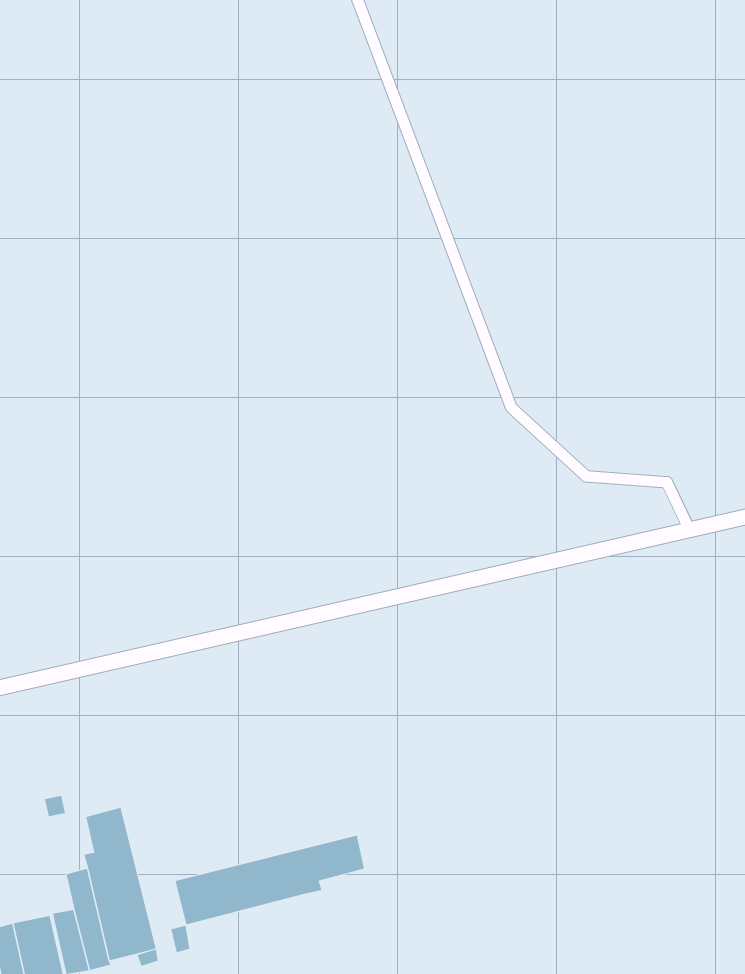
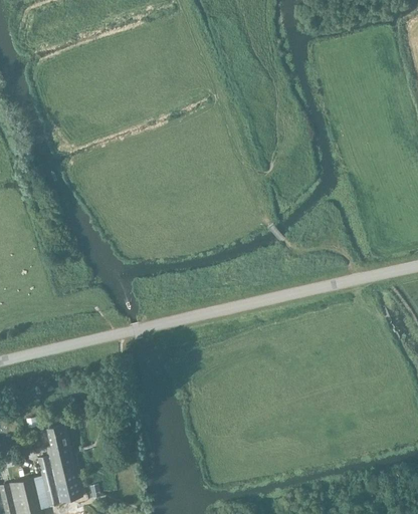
building: [175,835,364,925] -> none

